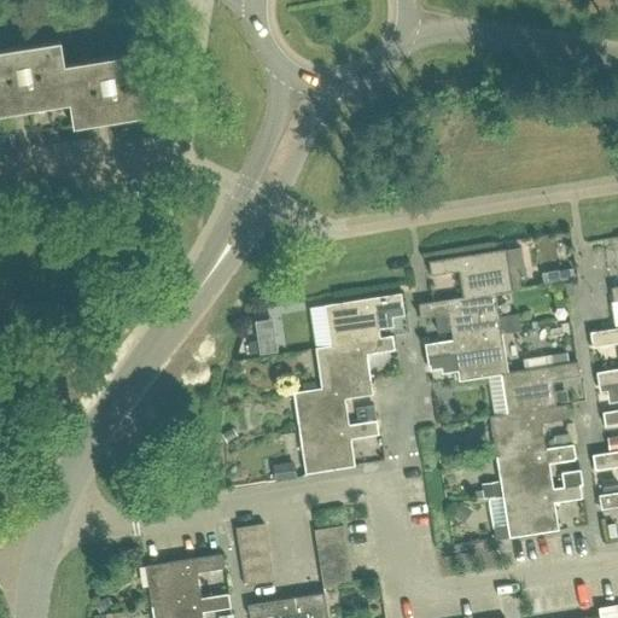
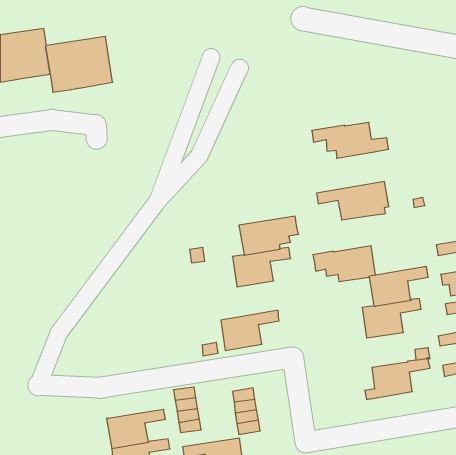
building: [418,295,521,343] -> [312,122,389,158]
building: [293,381,372,435] -> none
building: [496,447,576,499] -> none

